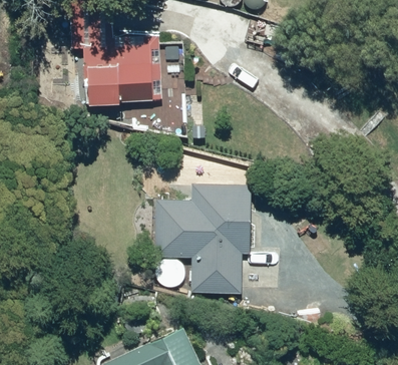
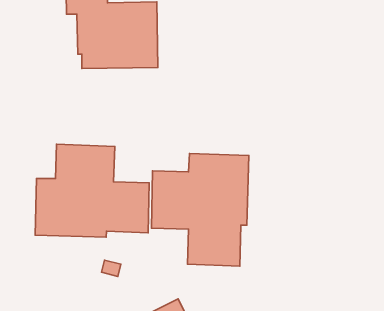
building: none -> [35,144,149,237]

